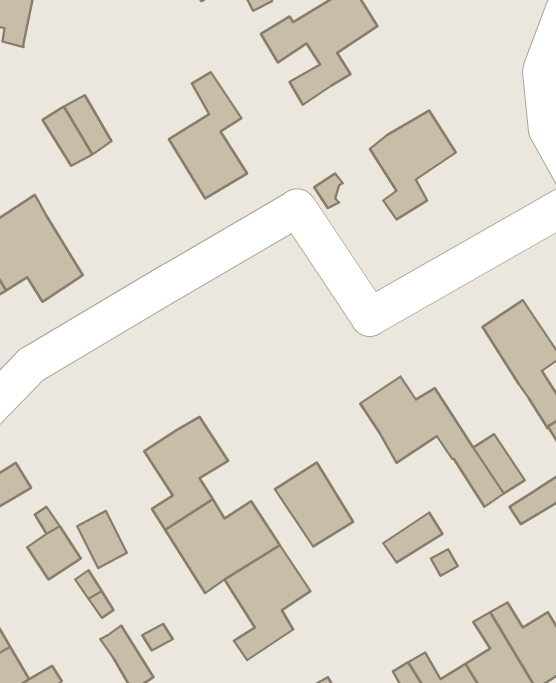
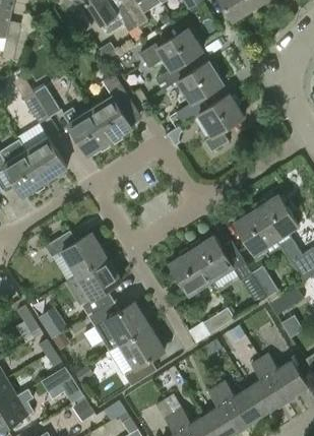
building: none -> [176,62,223,124]
building: none -> [63,108,110,155]
building: none -> [25,137,67,182]
building: none -> [235,209,276,254]
building: none -> [45,232,107,275]
building: [275,462,353,547] -> [170,250,211,295]

